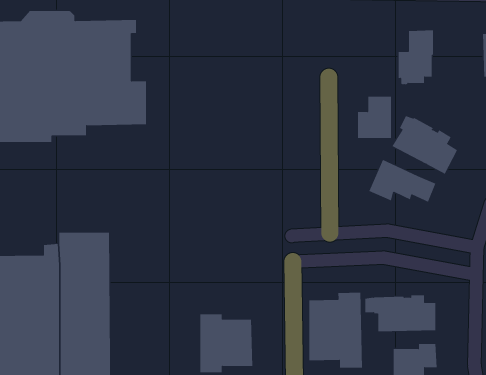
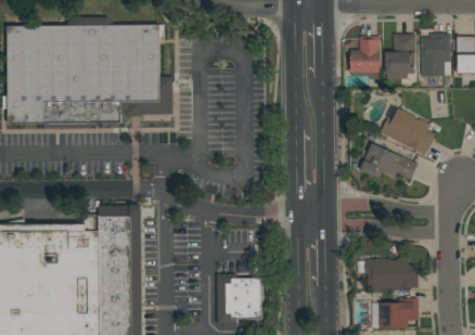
building: none -> [420,34,450,76]
building: [357,96,392,138] -> [350,37,380,73]
building: [309,292,363,369] -> none

